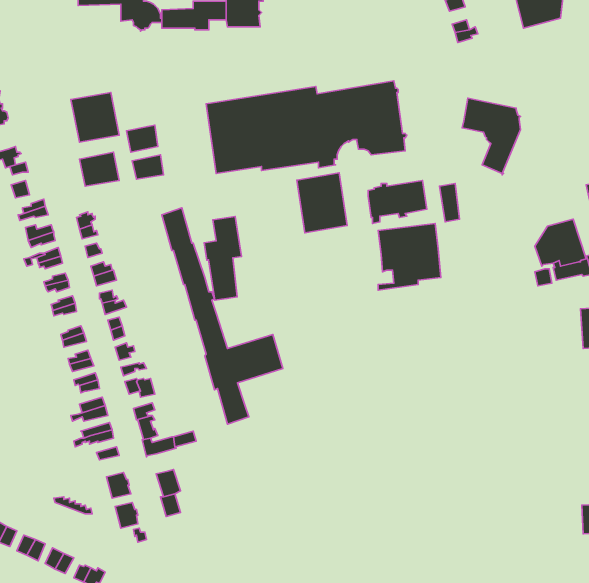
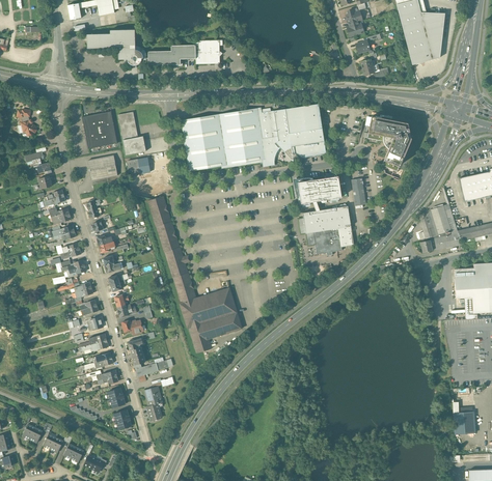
building: none -> [117,112,138,140]
building: [297,173,347,233] -> none
building: [204,216,242,300] -> none
building: none -> [203,313,242,339]

